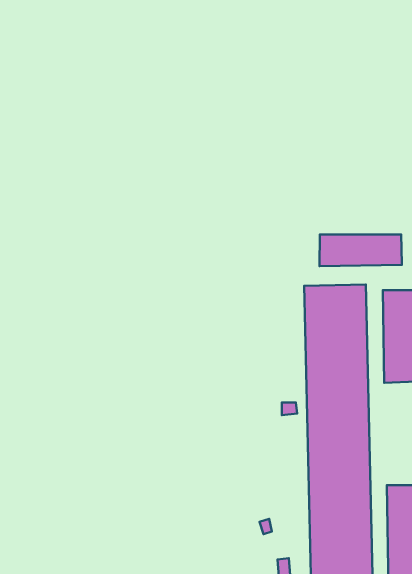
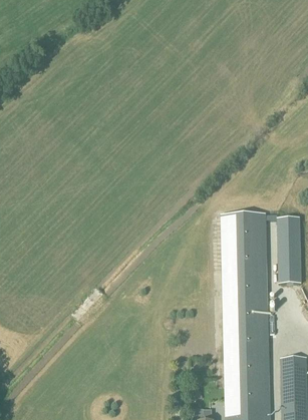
building: [319,234,402,266] -> none

